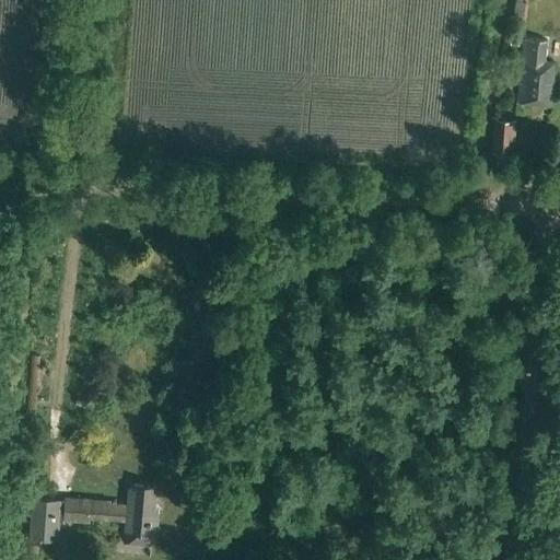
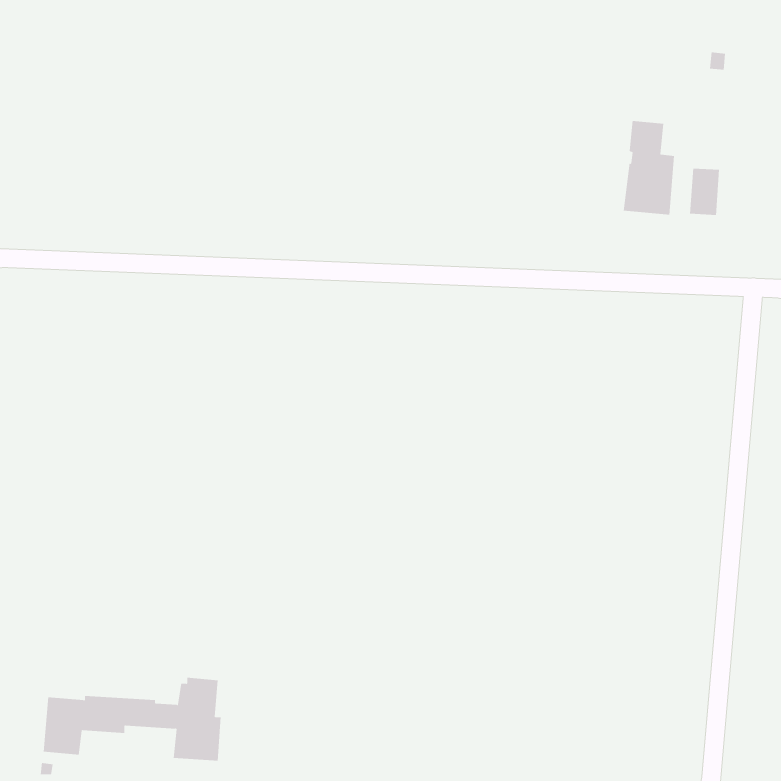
building: [517,38,555,106] -> [623,121,675,215]

